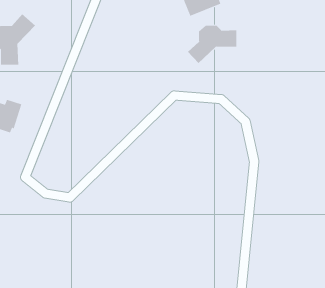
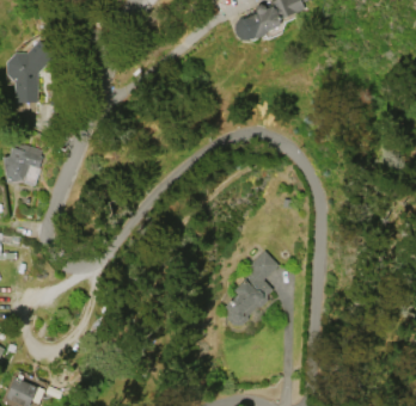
building: [187,25,237,64] -> none
building: none -> [227,251,282,330]

